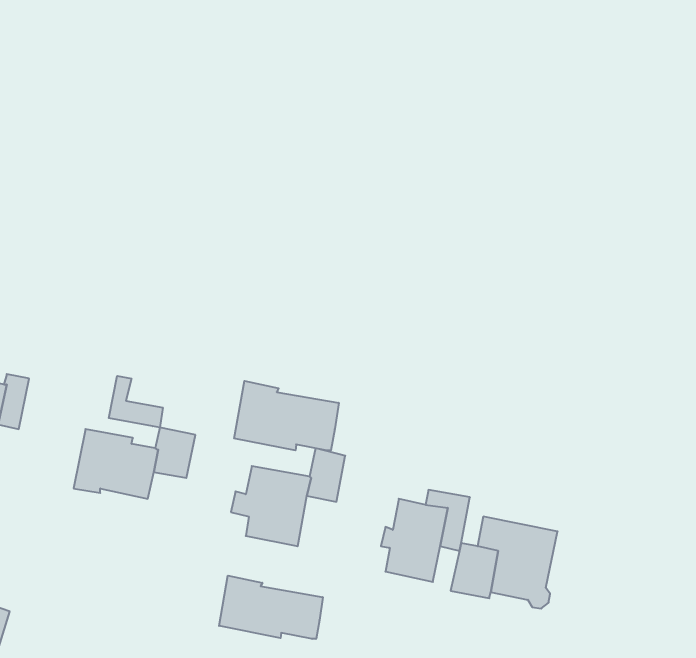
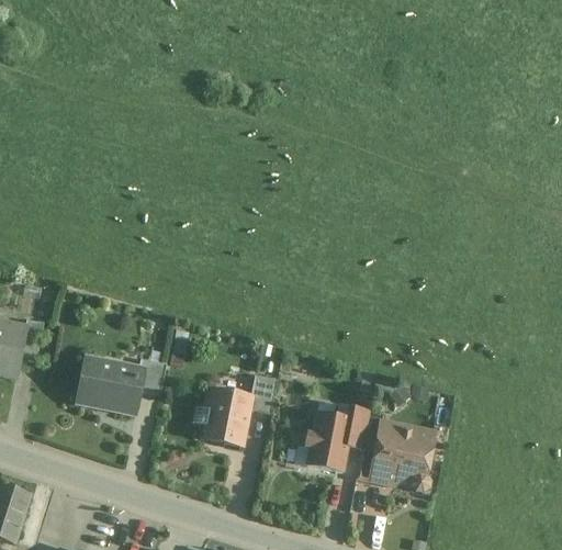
building: [109,376,163,428] -> none
building: [234,381,339,450] -> none
building: [219,576,323,639] -> none

